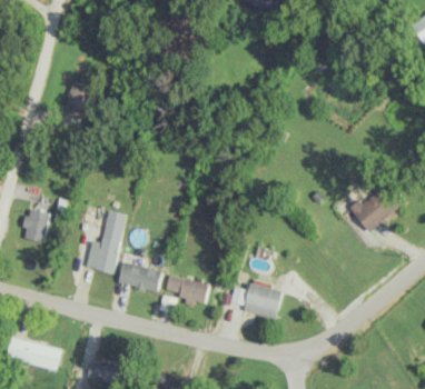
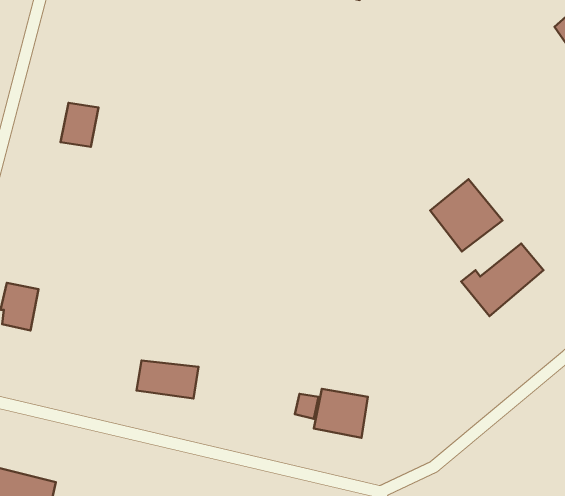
building: none -> [430,179,503,251]
building: [86,210,126,273] -> none
building: [165,275,209,303] -> none

